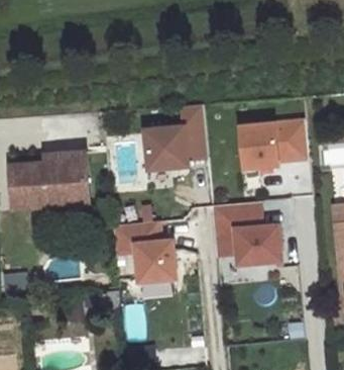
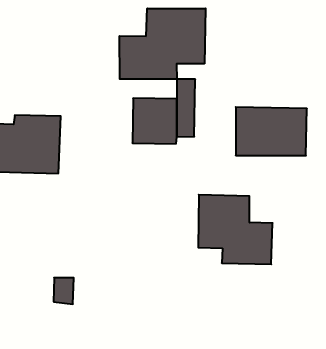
building: none -> [120,8,206,79]
building: [115,221,179,281] -> none

